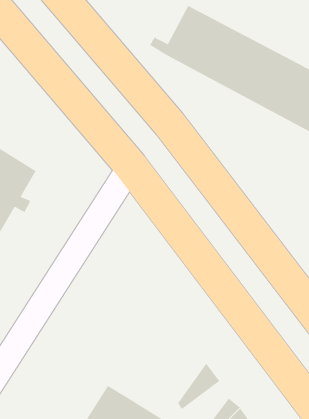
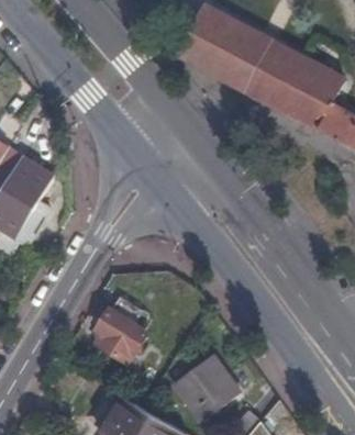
building: none -> [96,295,145,364]
building: none -> [171,354,225,415]

